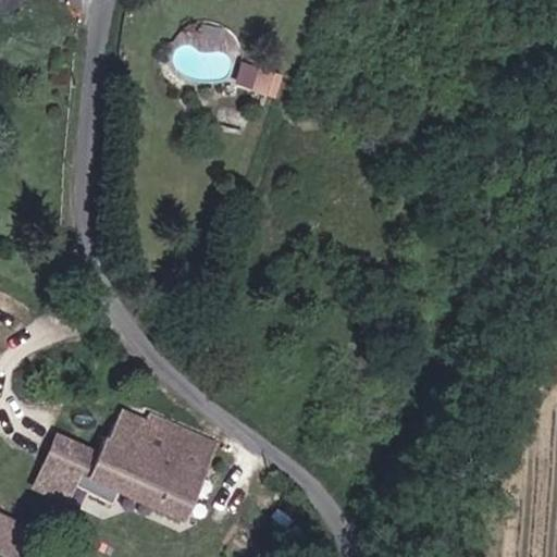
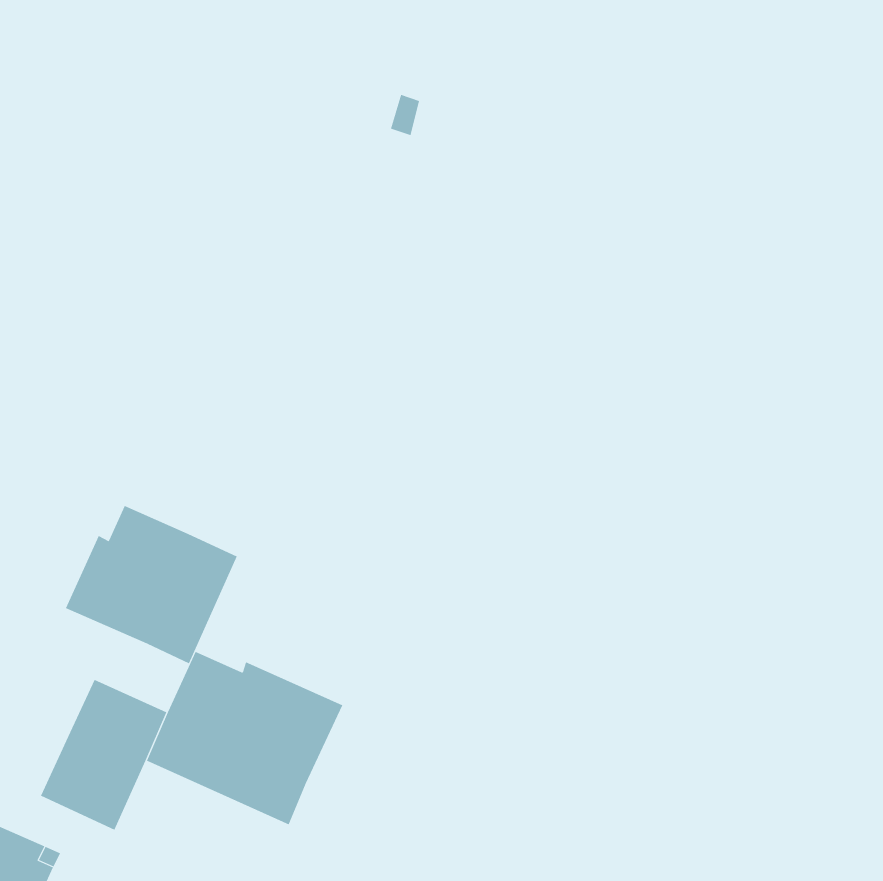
building: none -> [65,505,237,664]

